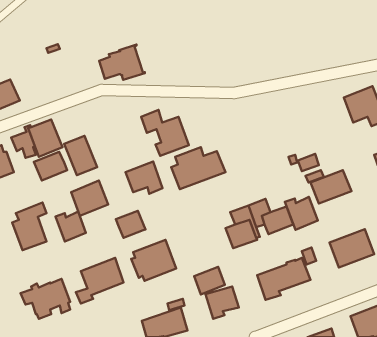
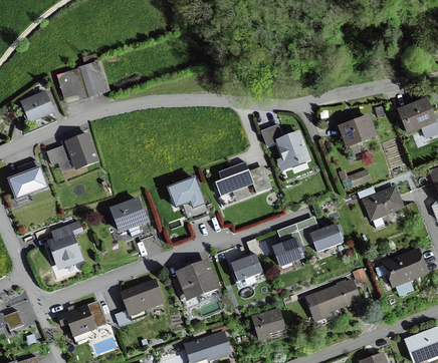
building: [99,45,145,80] -> [58,61,106,98]
building: none -> [338,114,378,148]
building: [141,110,189,156] -> [261,123,311,171]
building: [64,136,97,175] -> none
building: [34,152,67,180] -> none
building: [285,197,318,230] -> none
building: [116,211,146,238] -> none
building: [56,212,86,241] -> none
building: [194,267,225,294] -> [231,254,263,283]

